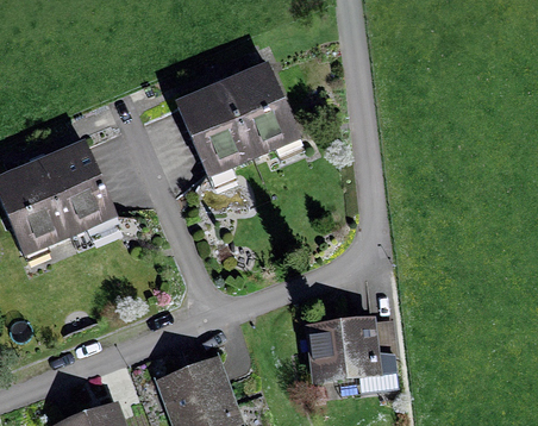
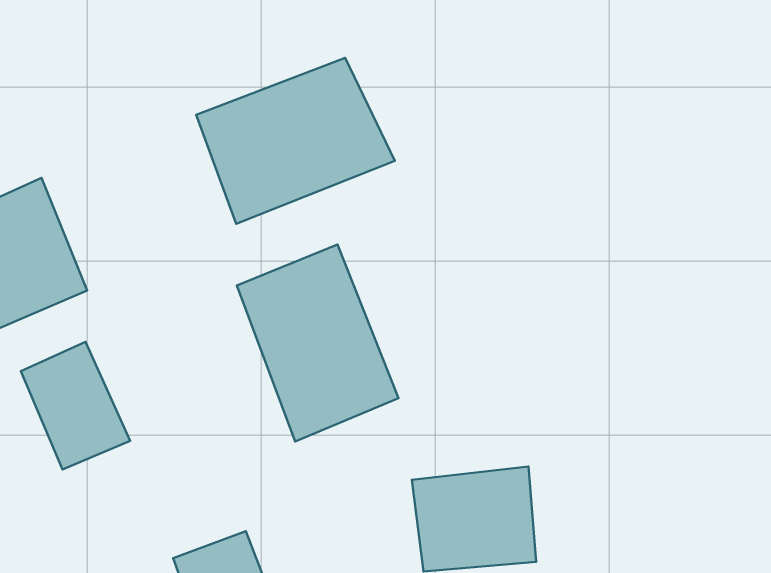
building: none -> [237,245,399,441]
building: none -> [21,342,130,470]

